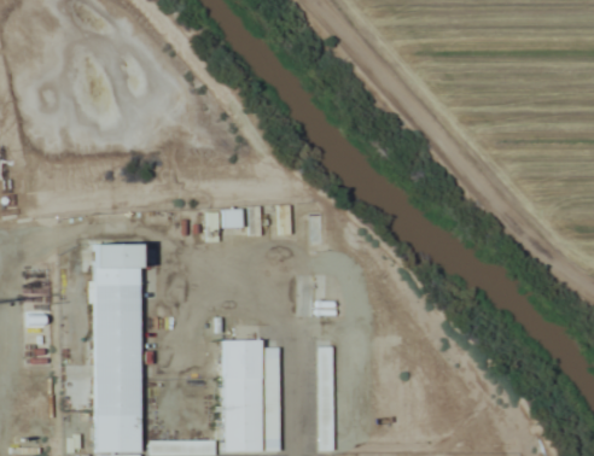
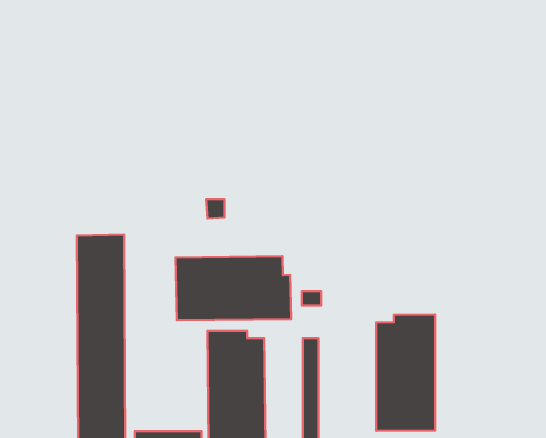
building: none -> [175,256,291,320]
building: none -> [376,314,435,431]

